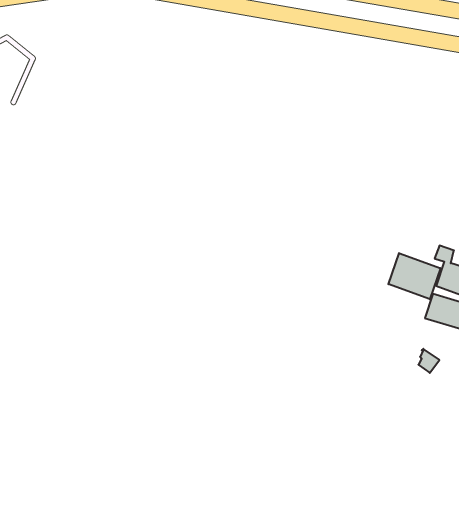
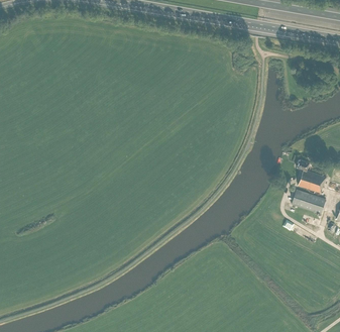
building: [388,253,440,299] -> none

